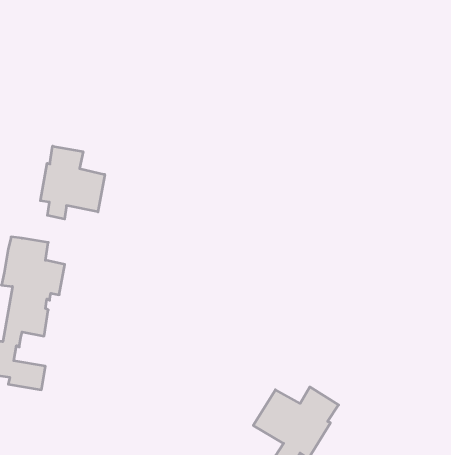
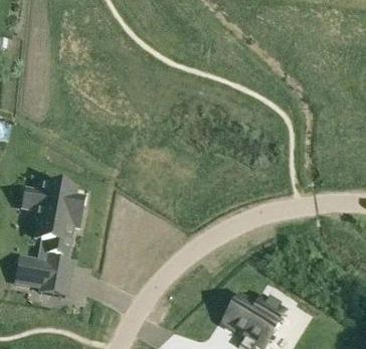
building: [40,146,105,219] -> none

